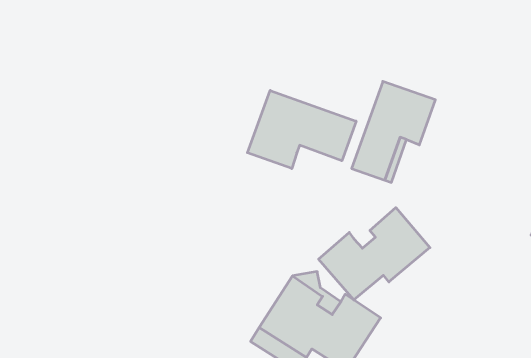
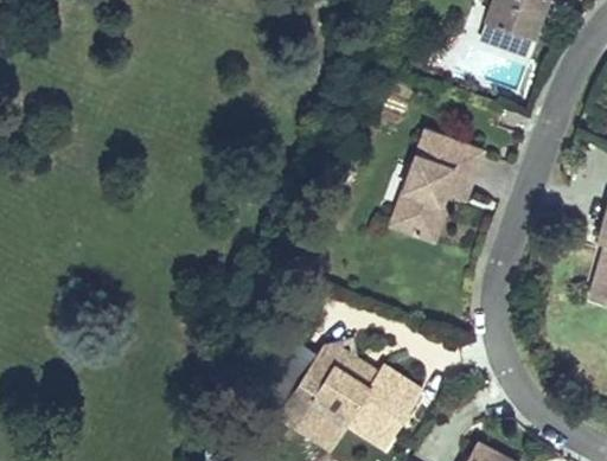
building: [247,90,356,169] -> none
building: [319,208,430,300] -> none

